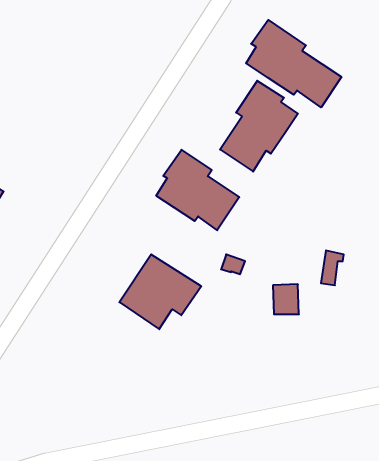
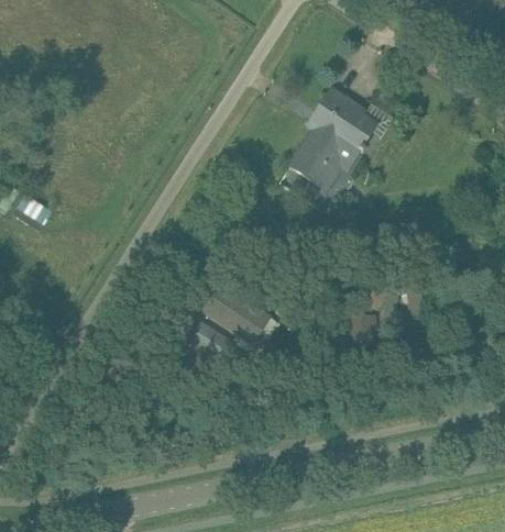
building: [246,20,341,107] -> none
building: [156,150,239,230] -> none

